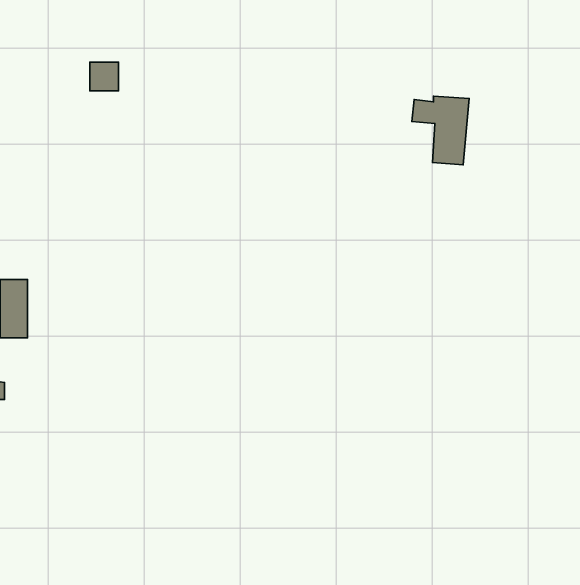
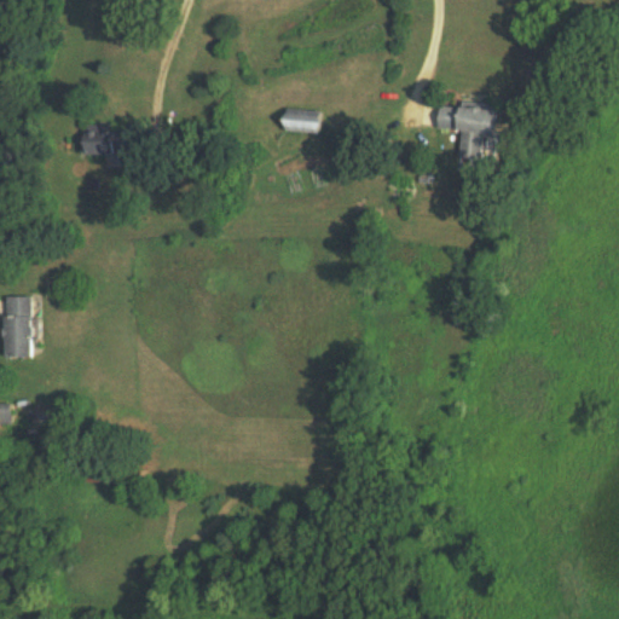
building: [90,62,119,91] -> [82,125,112,155]
building: none -> [284,109,320,133]

